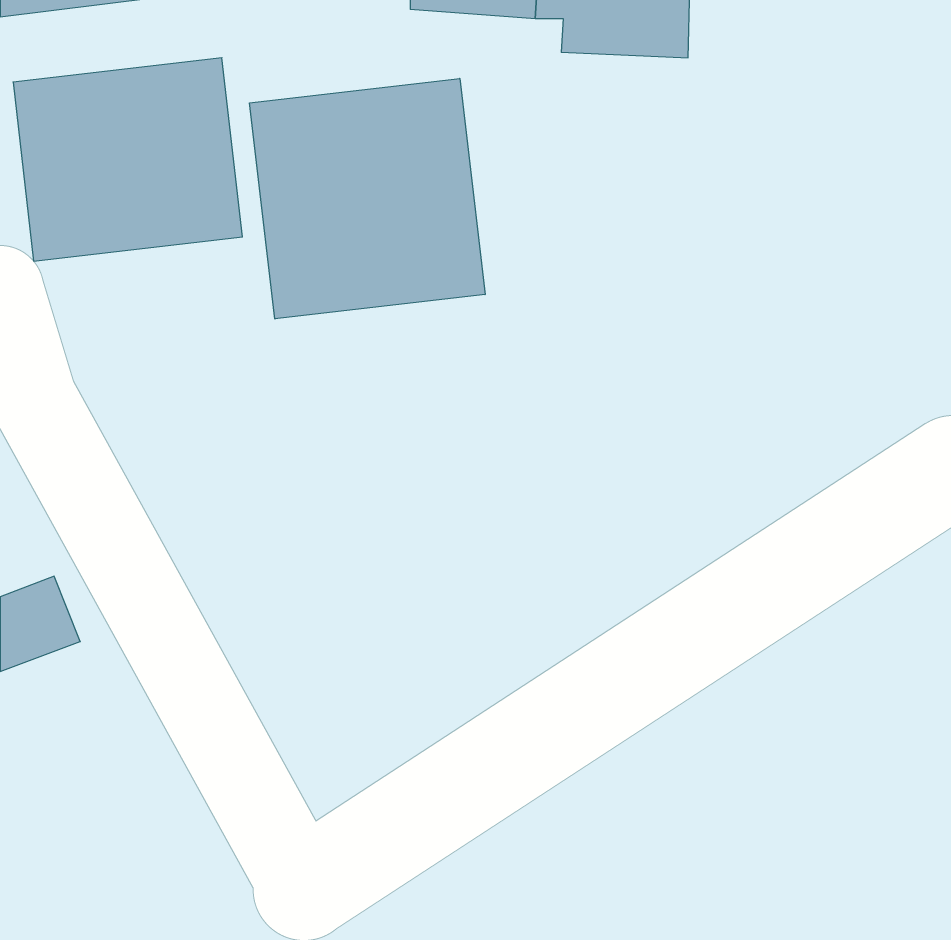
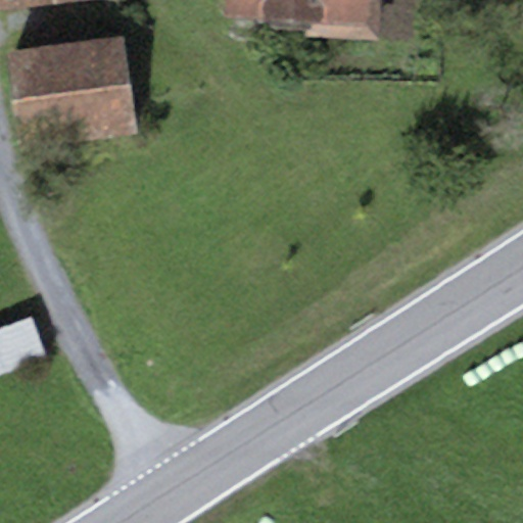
building: [250,78,485,319] -> none

